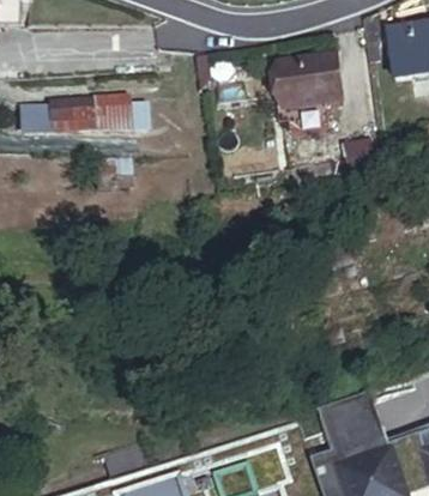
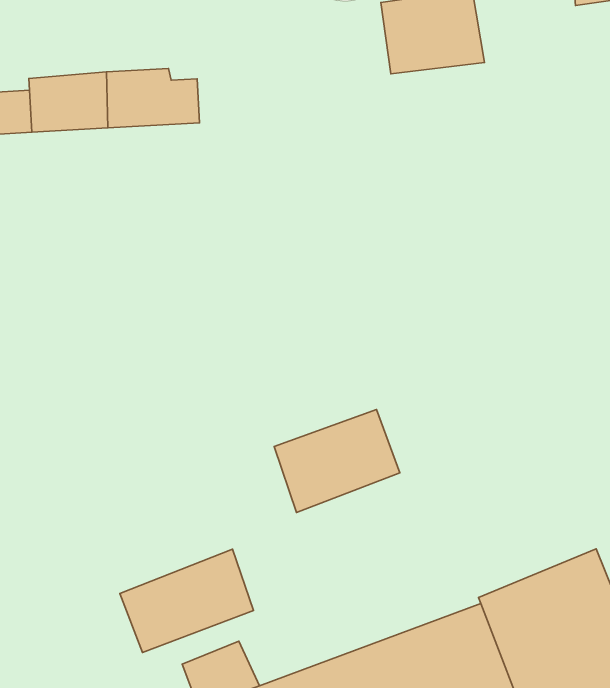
building: none -> [274,409,400,513]
building: none -> [120,549,253,652]

